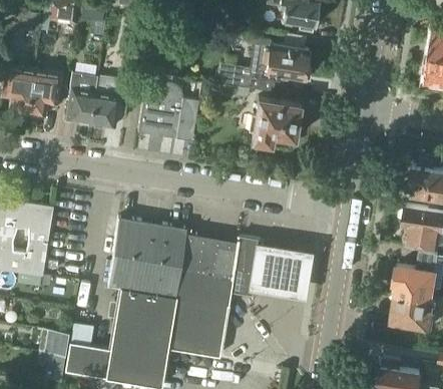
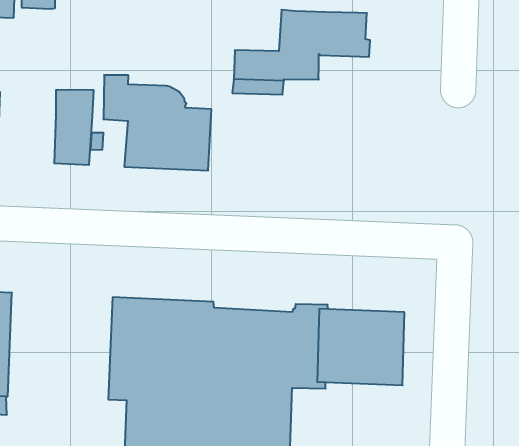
building: [65,74,97,126] -> none
building: [250,99,300,148] -> none

